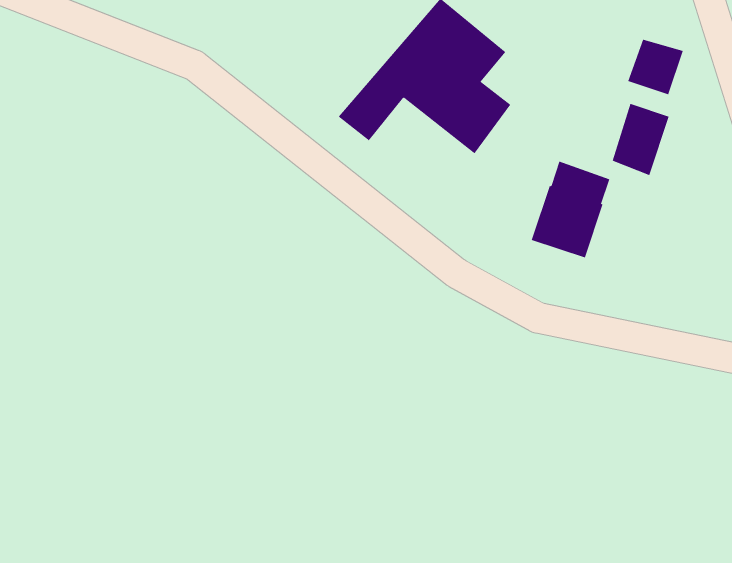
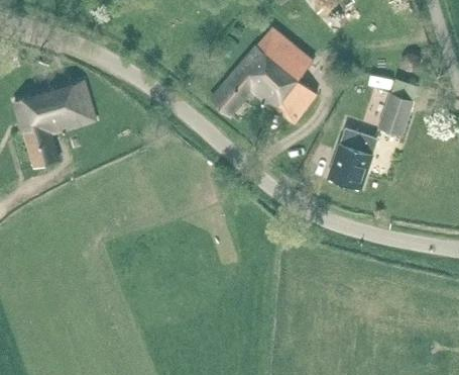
building: [627,39,683,95] -> none
building: none -> [14,81,95,168]

